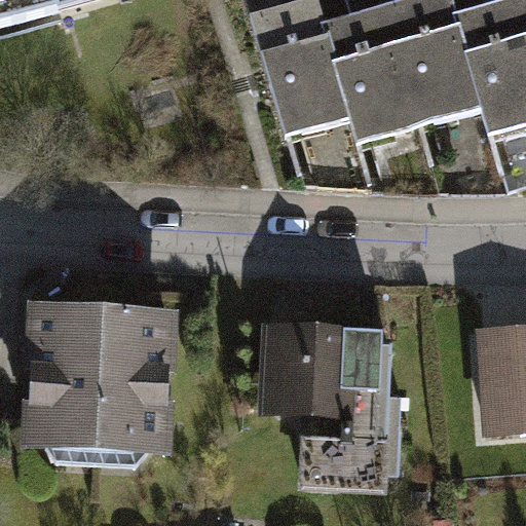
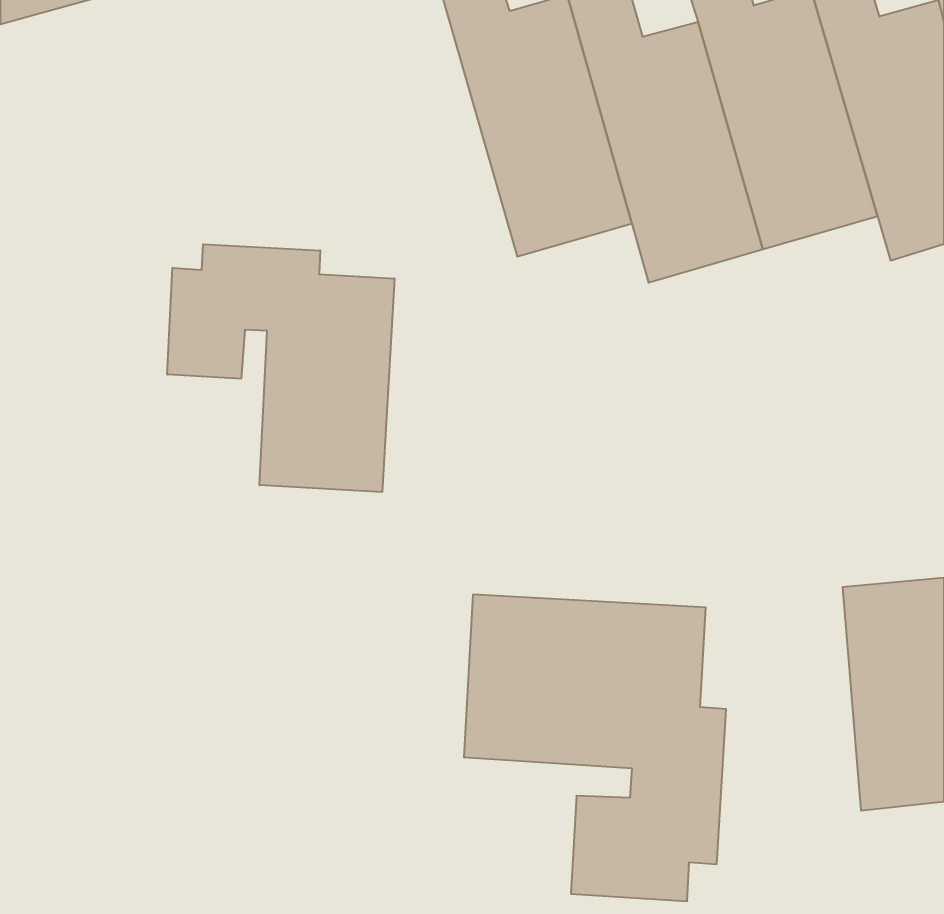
building: none -> [167,244,394,492]
building: [32,310,177,465] -> none

